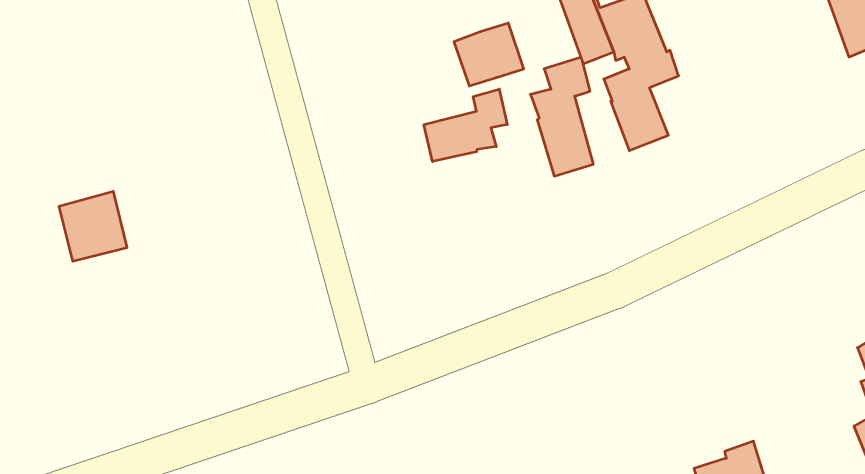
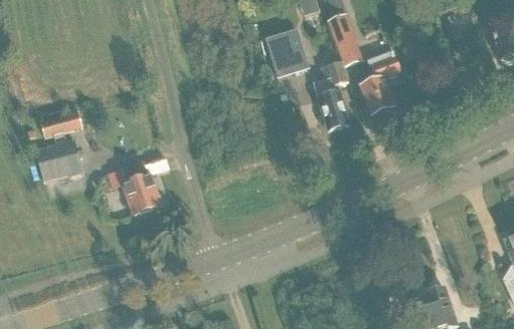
building: [424,89,507,162] -> none
building: none -> [41,108,82,136]
building: none -> [122,160,163,215]

